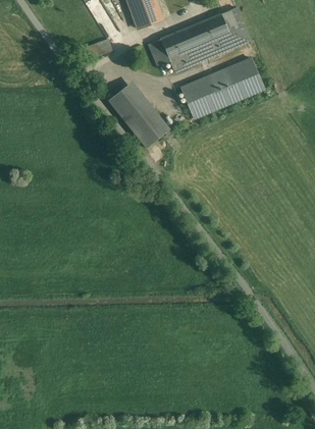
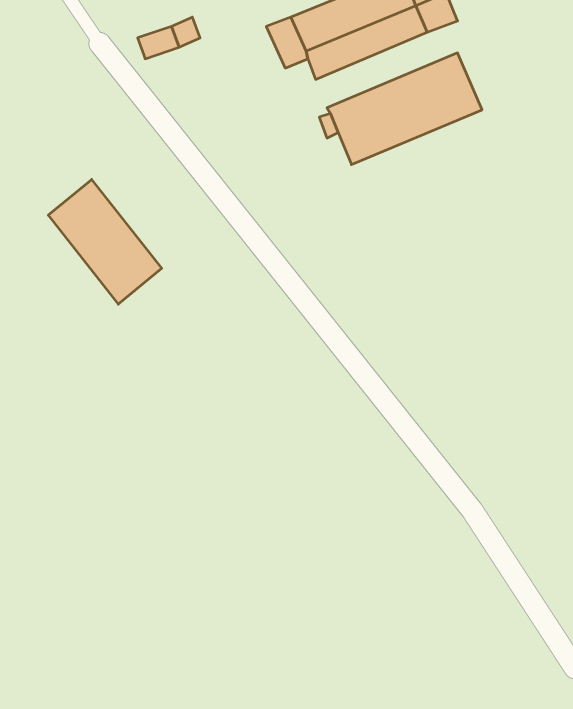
building: [107,81,168,148] -> [48,179,162,304]

